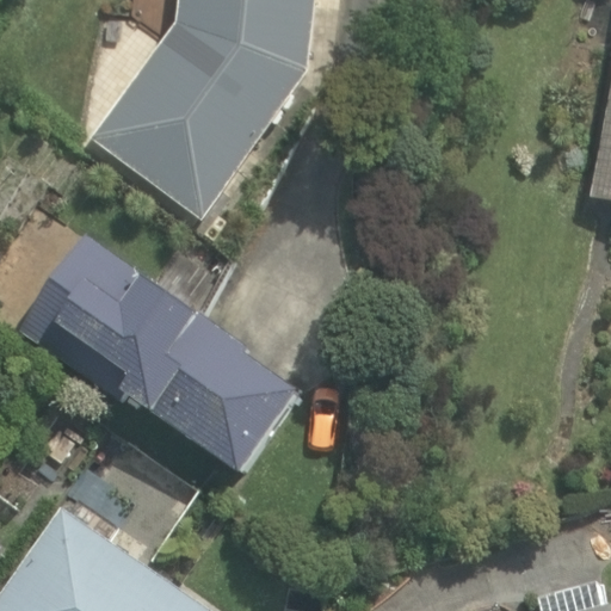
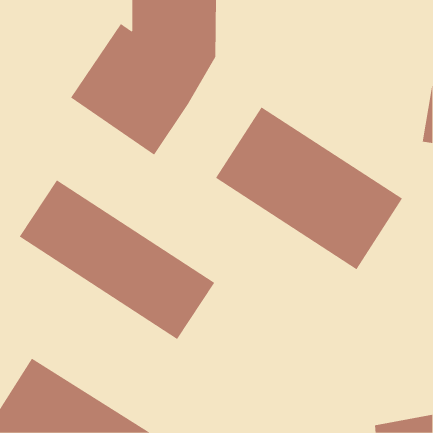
building: none -> [215,106,403,270]

